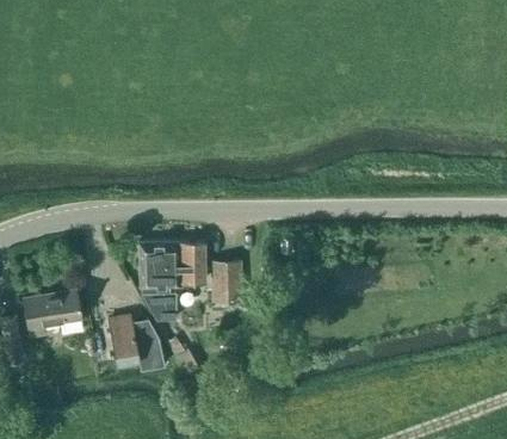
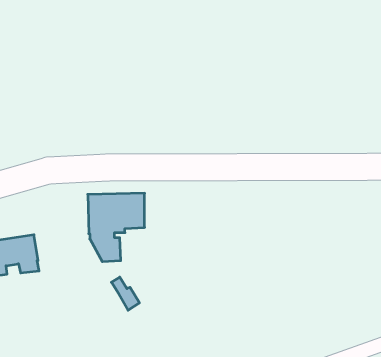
building: [211,261,241,301] -> none
building: [107,314,163,369] -> none

